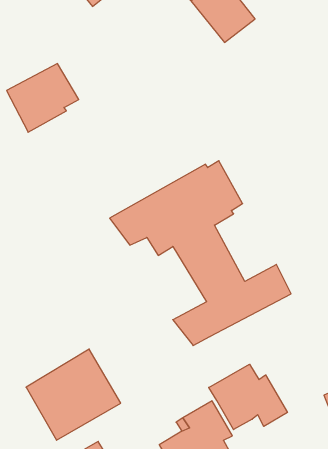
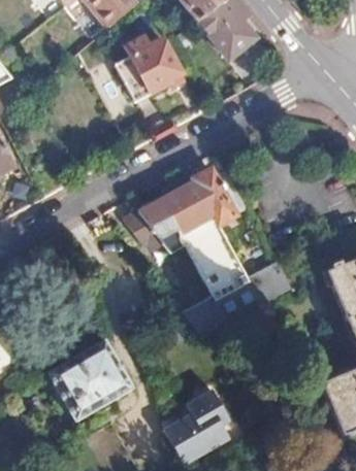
building: [7,64,79,132] -> [114,37,180,100]
building: [209,364,287,430] -> none

